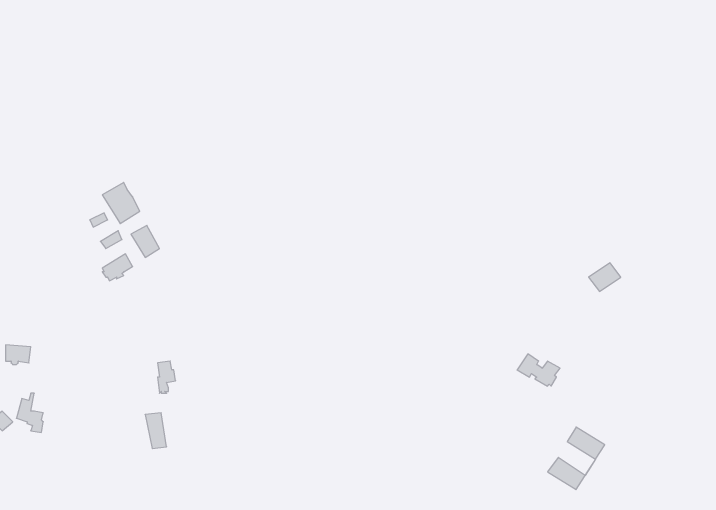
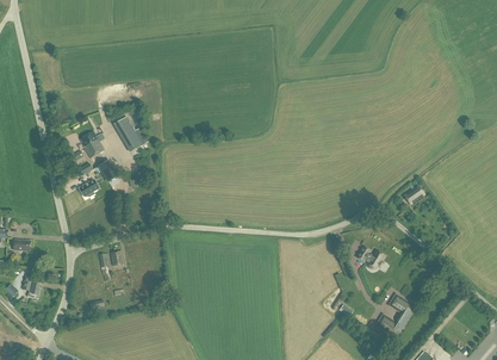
building: none -> [112,117,147,151]

